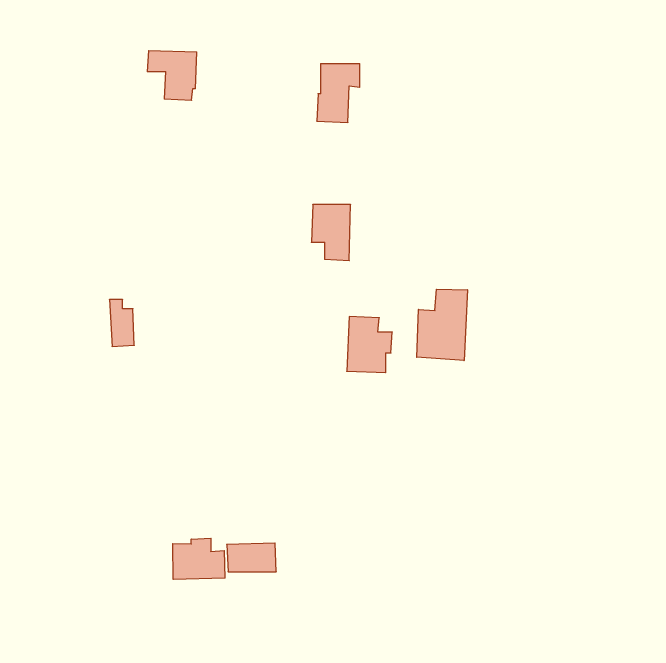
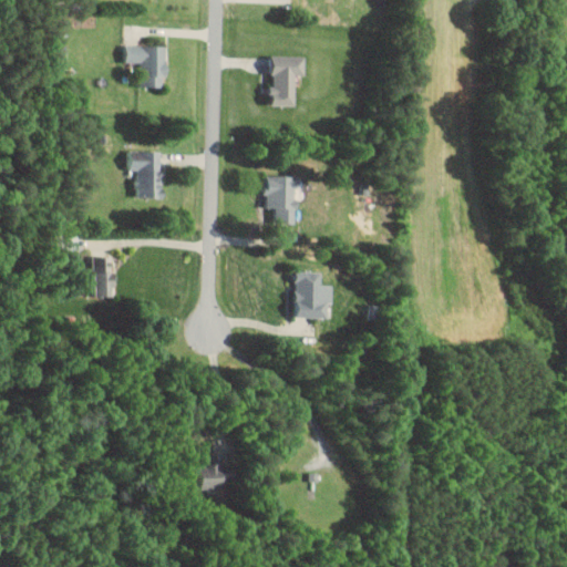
building: none -> [127,151,164,198]
building: [417,289,467,361] -> none
building: [173,538,225,579] -> none

